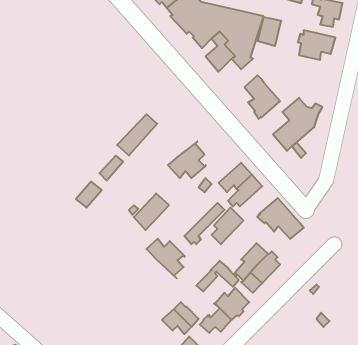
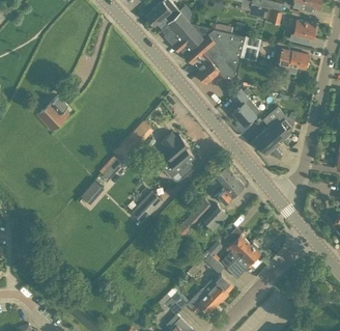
building: none -> [37,96,69,132]
building: none -> [161,133,188,160]
building: [257,198,304,239] -> none
building: [146,239,184,278] -> none

